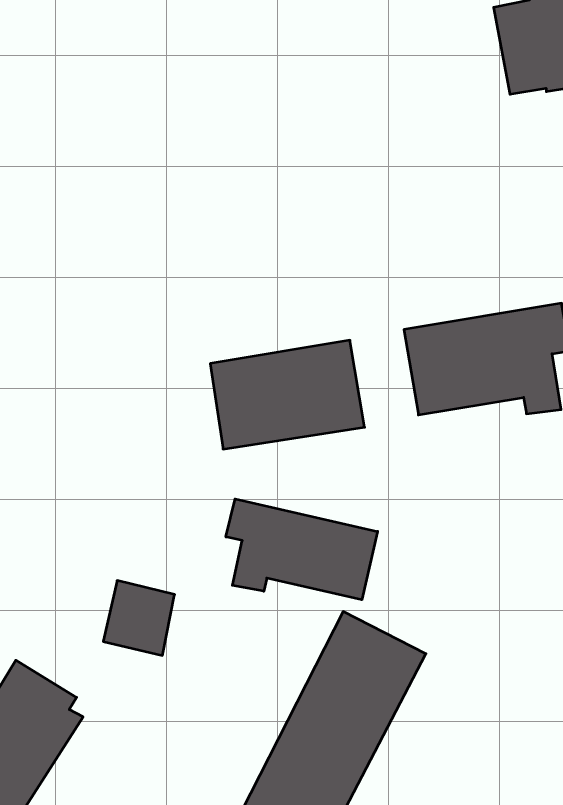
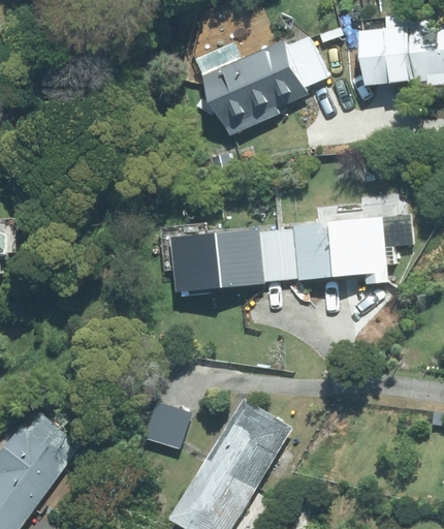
building: none -> [203,40,309,130]
building: [226,499,378,600] -> none
building: [103,581,175,655] -> [142,402,189,450]

